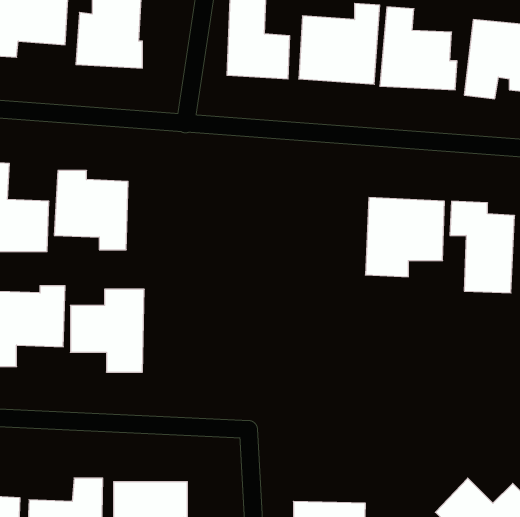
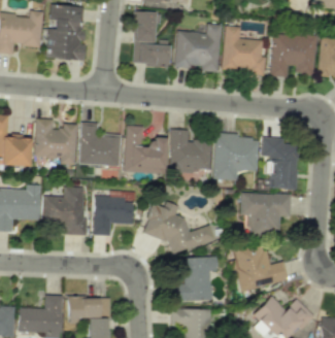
building: none -> [78,123,120,166]
building: none -> [124,126,166,174]
building: none -> [170,130,210,171]
building: none -> [239,193,292,233]
building: none -> [93,198,133,236]
building: none -> [142,202,214,255]
building: none -> [232,245,288,290]
building: none -> [175,258,216,302]

